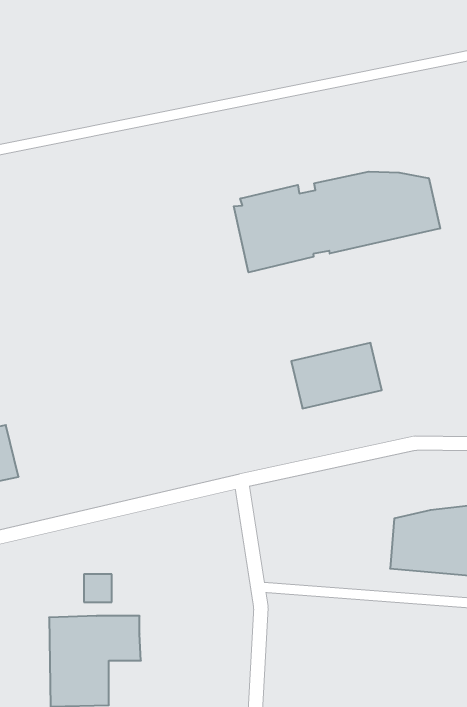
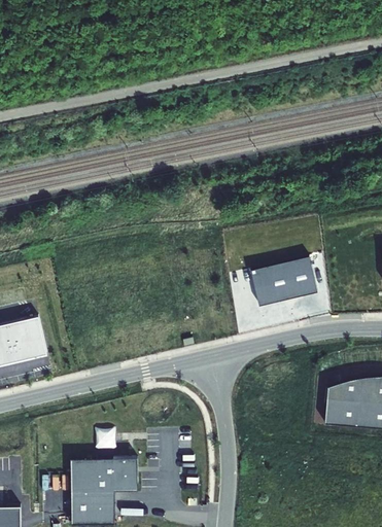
building: [234,172,440,272] -> none

